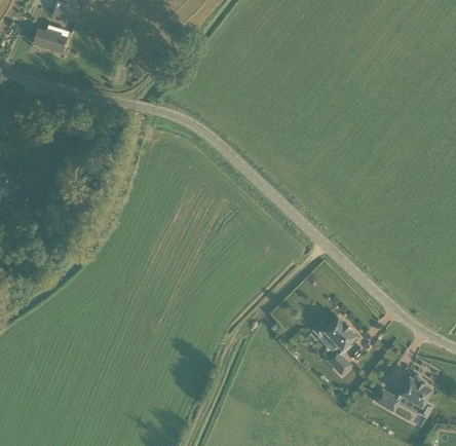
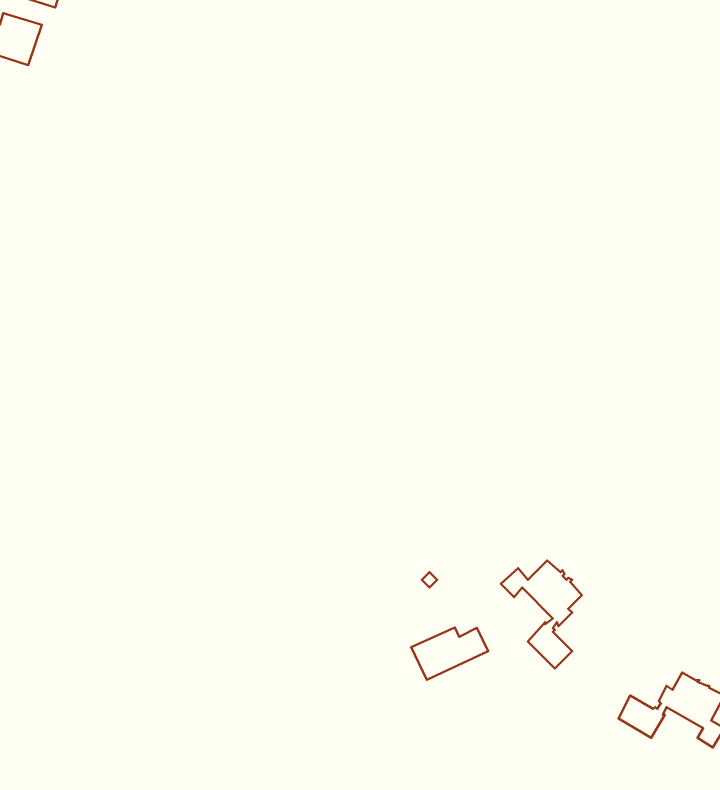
building: none -> [411,628,488,680]

